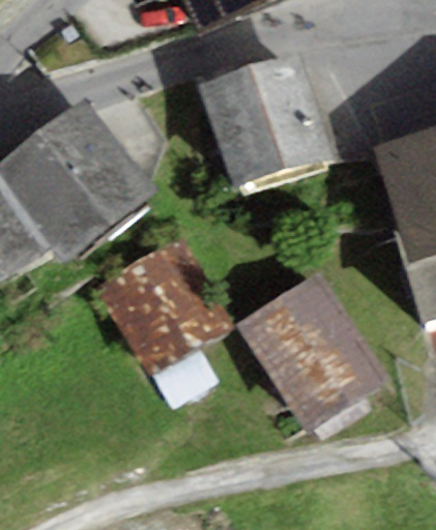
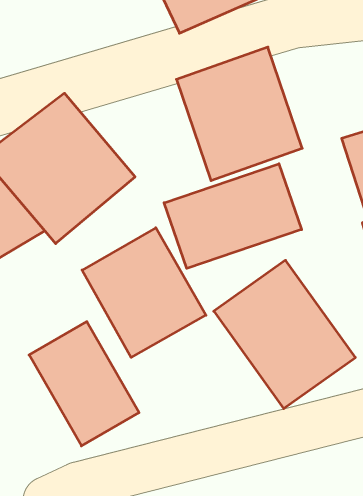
building: none -> [164,164,302,268]
building: none -> [29,322,139,446]

